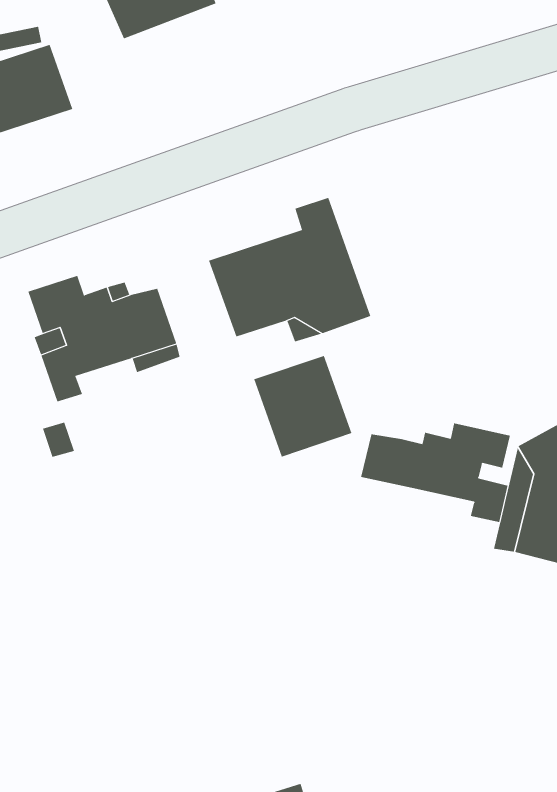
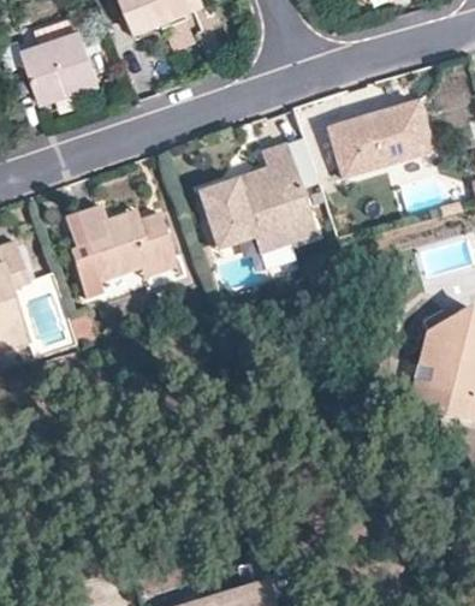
building: none -> [331,101,437,177]
building: [253,355,352,457] -> none
building: [360,423,511,523] -> none

